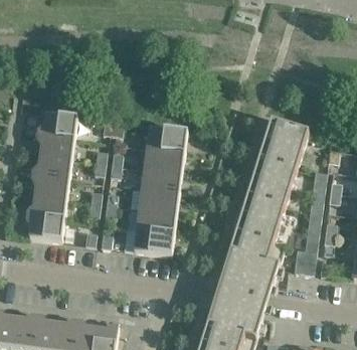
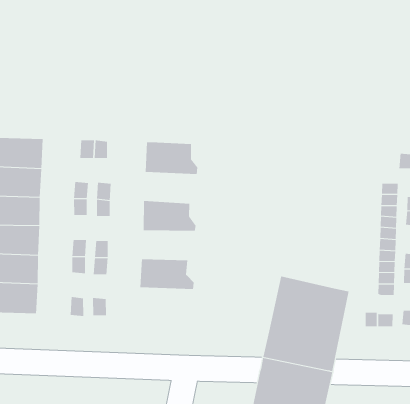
building: [236,118,308,242] -> none
building: [144,148,184,173] -> none
building: [139,189,179,213] -> none
building: [134,229,174,255] -> none

